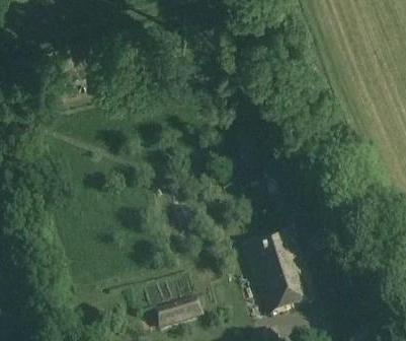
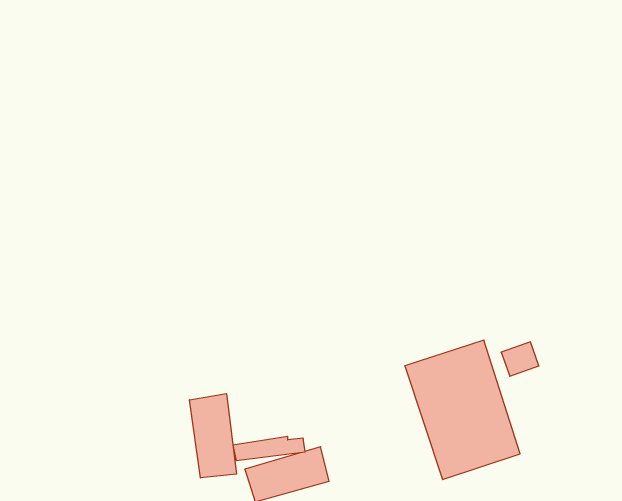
building: none -> [189,394,236,478]

